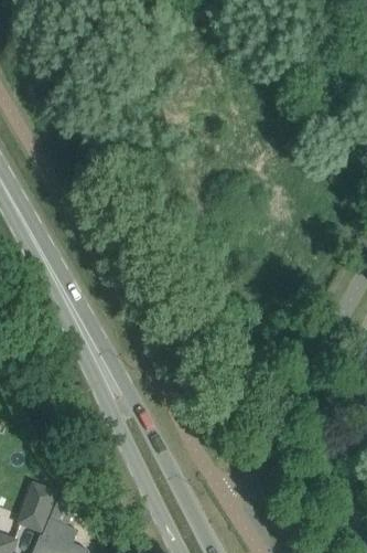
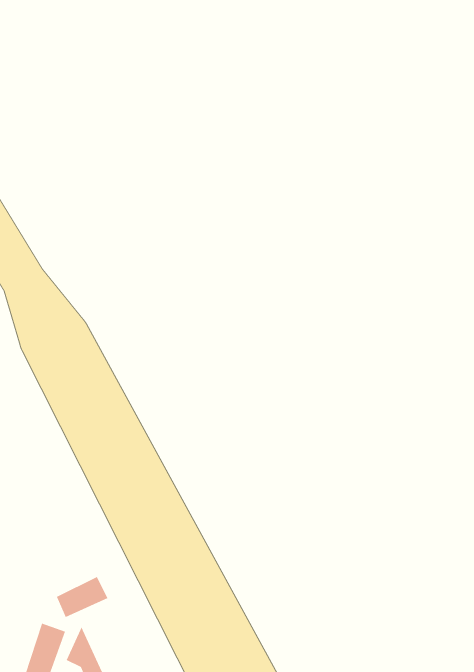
building: none -> [56,576,108,618]

